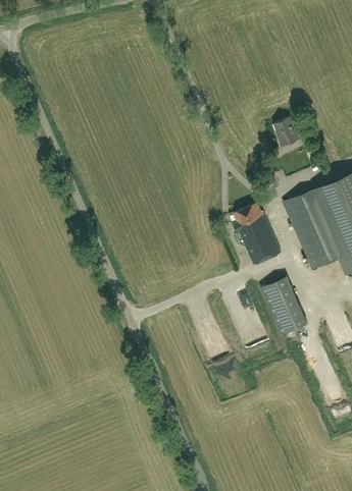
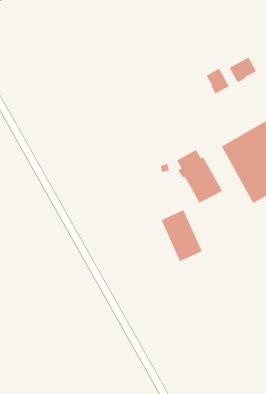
building: none -> [229,56,257,83]
building: [261,271,304,328] -> [160,209,203,262]

